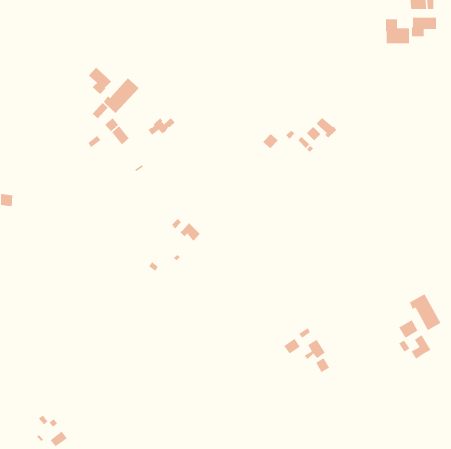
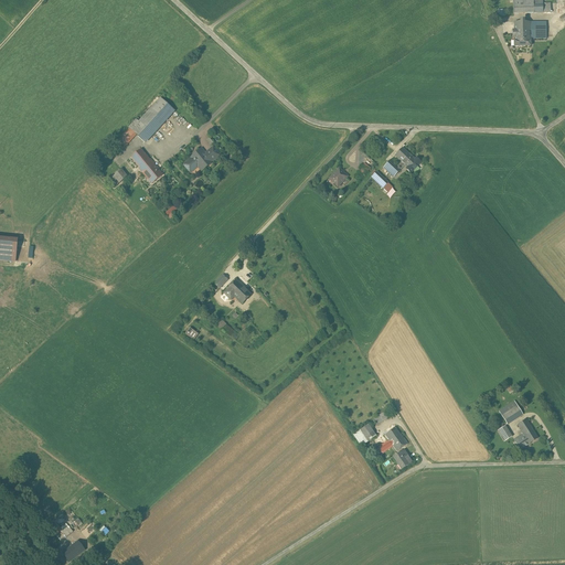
building: [385,19,410,44] -> none
building: [88,67,112,95] -> none
building: [409,293,442,331] -> none

